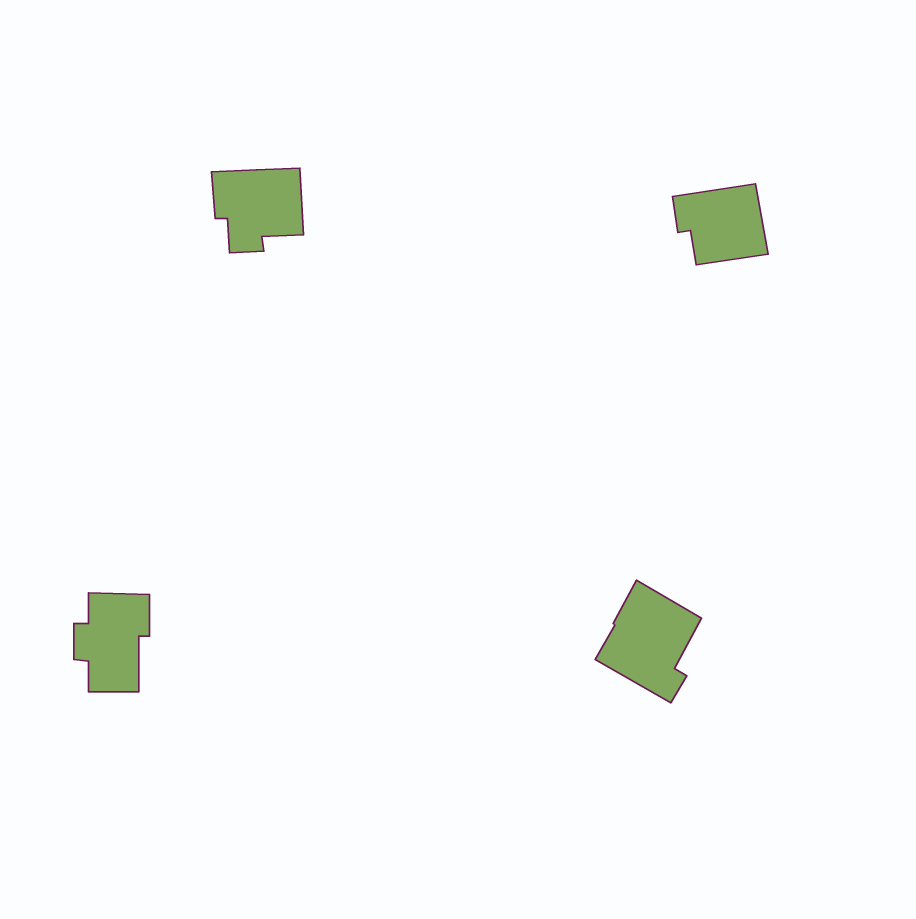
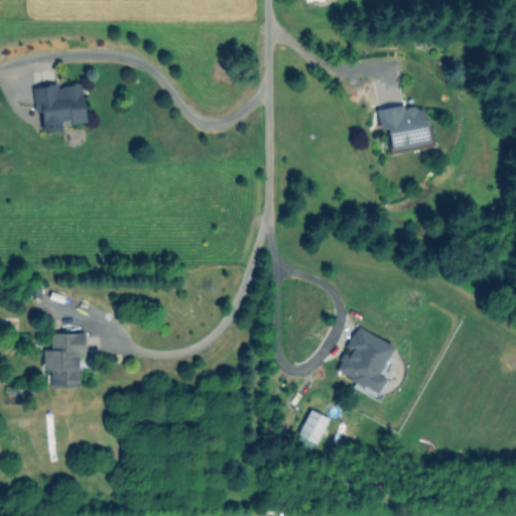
building: [211,168,303,253] -> [34,85,86,132]
building: none -> [297,410,329,449]

